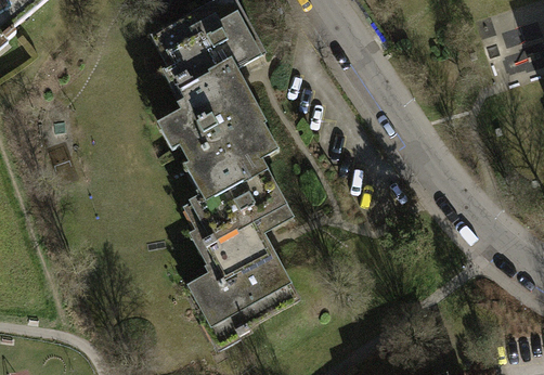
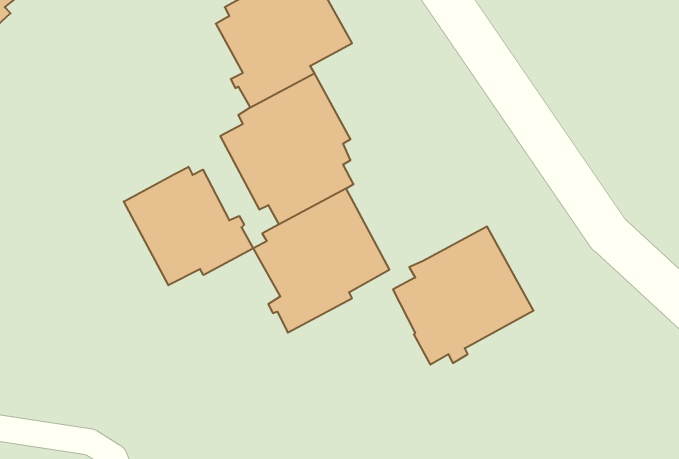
building: none -> [124,167,253,285]
building: [194,235,296,335] -> [393,227,534,365]

